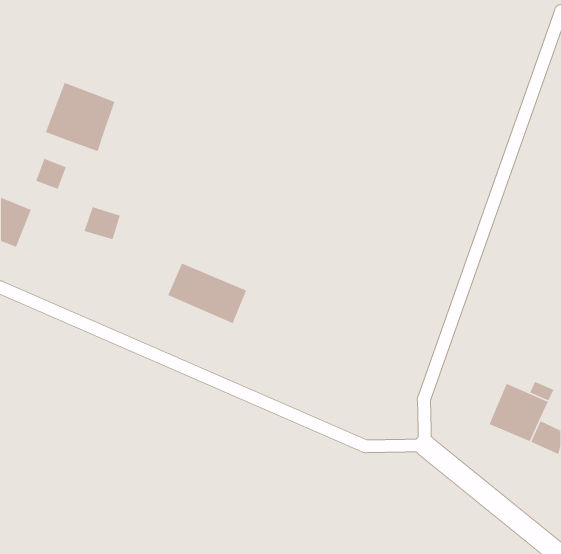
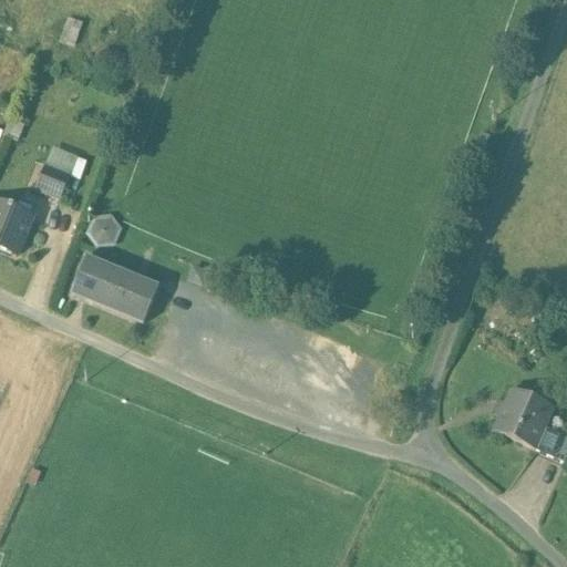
building: [45,82,116,152] -> none
building: [167,263,247,324] -> [74,257,155,319]

